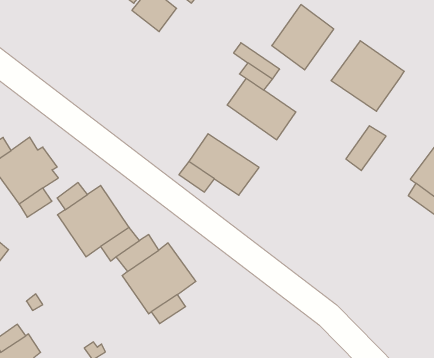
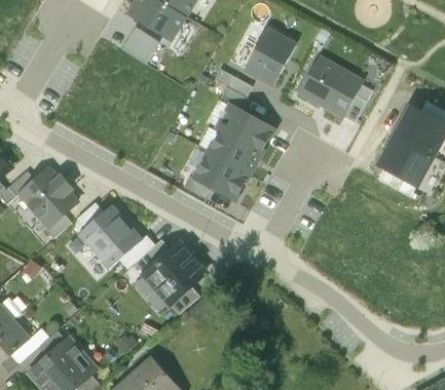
building: none -> [199,121,259,171]
building: [346,126,386,171] -> [341,80,373,119]

